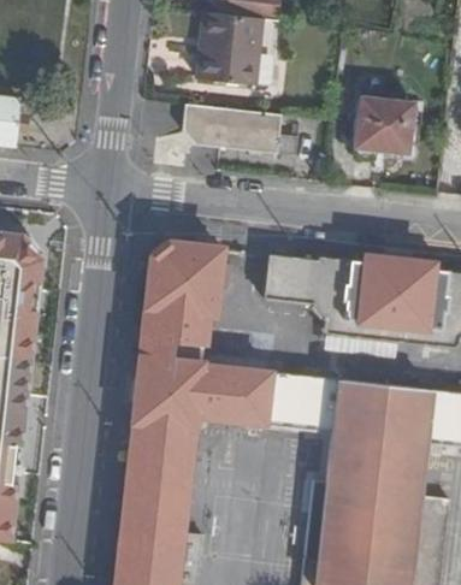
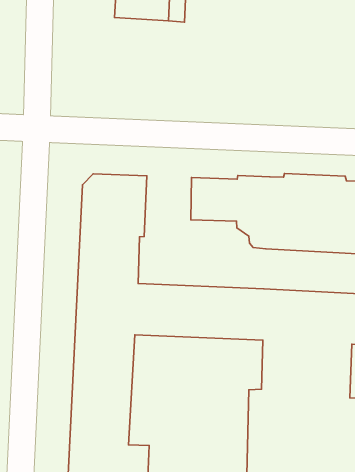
building: [355,96,414,153] -> none
building: [185,105,284,156] -> none

